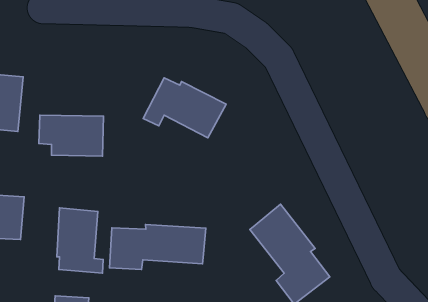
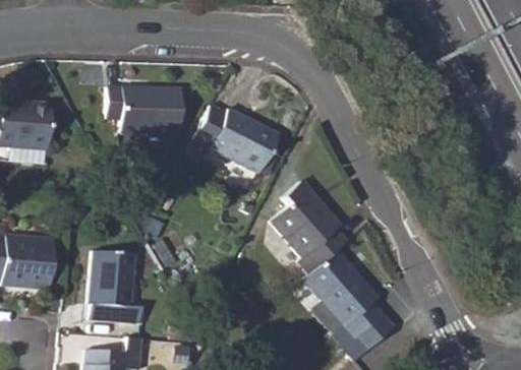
building: [39,115,103,156] -> [108,87,180,133]
building: none -> [276,178,348,270]
building: [109,225,206,269] -> none

